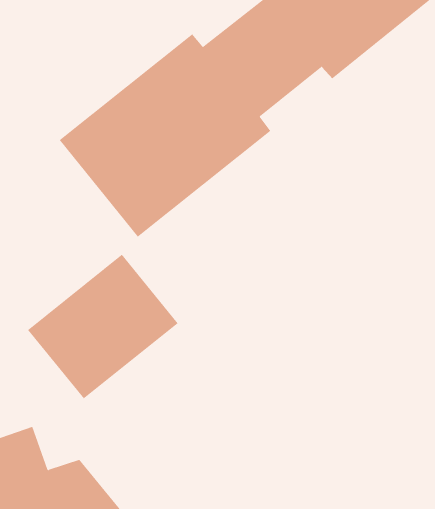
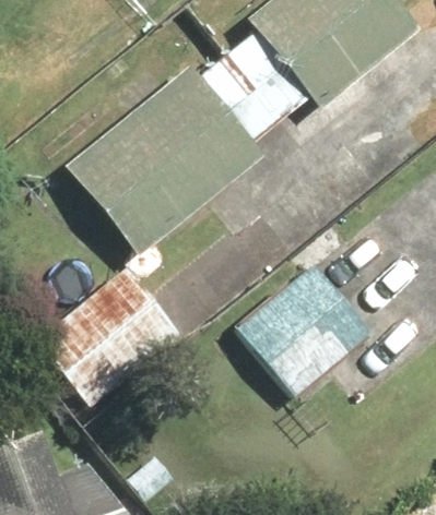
building: none -> [238,264,372,396]

